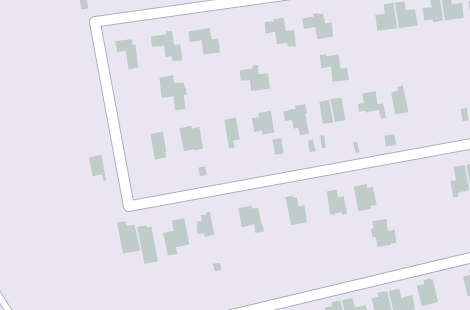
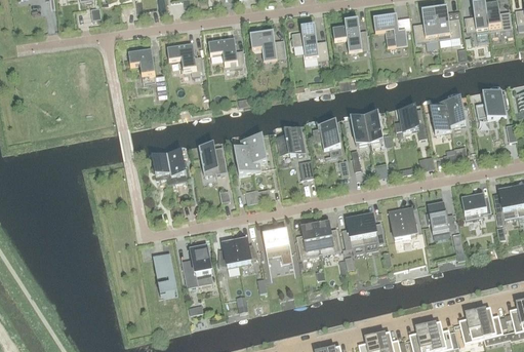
building: [319,54,350,82] -> [372,13,406,44]
building: [239,64,271,92] -> [250,28,285,57]
building: [159,74,187,111] -> none
building: none -> [475,88,507,116]
building: none -> [444,95,465,124]
building: none -> [234,136,252,171]
building: [88,154,107,181] -> [151,152,171,182]
building: none -> [460,192,490,218]
building: none -> [342,214,363,246]
building: none -> [296,221,321,257]
building: none -> [233,235,257,263]
building: [370,218,397,248] -> [425,199,454,231]
building: [116,221,141,255] -> none
building: none -> [476,306,502,336]

